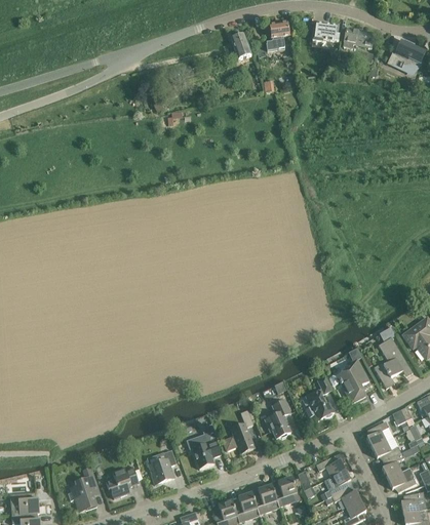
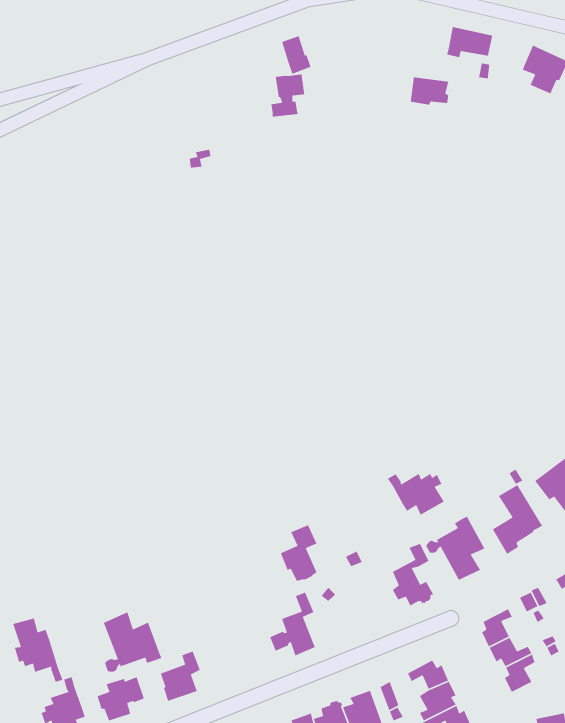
building: [266,22,289,51] -> [270,74,305,117]
building: [312,23,339,42] -> [410,77,449,105]
building: none -> [387,473,445,516]
building: [265,399,290,438] -> [280,524,318,582]
building: none -> [103,611,162,673]
building: none -> [12,617,63,683]
building: [187,430,221,469] -> none
building: [387,467,417,492] -> none

